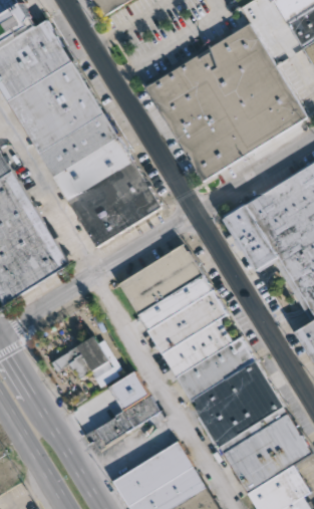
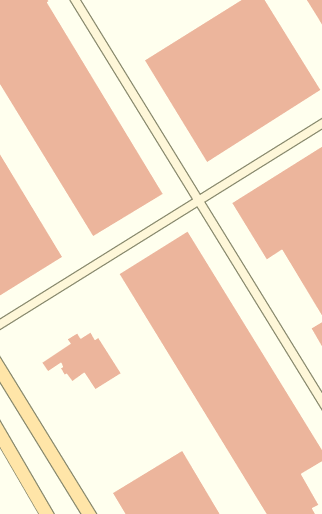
building: [79,369,155,451] -> none

